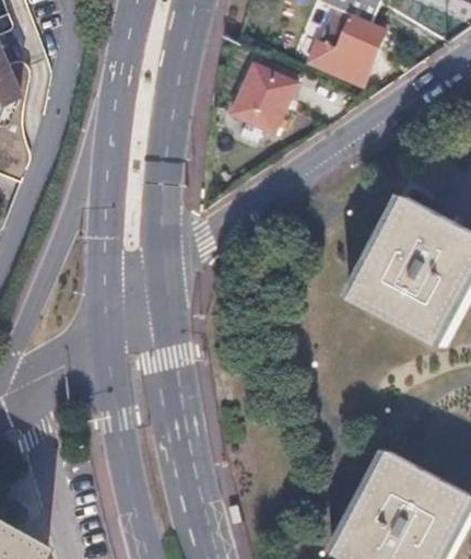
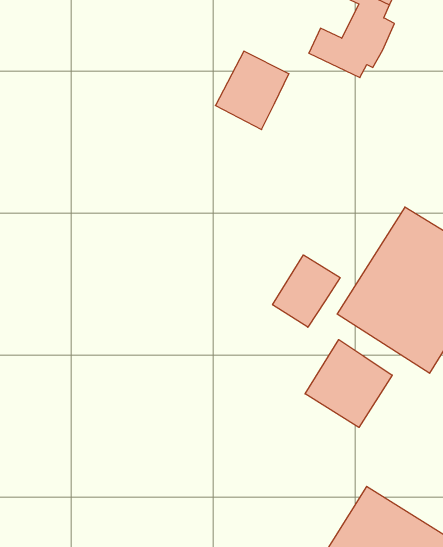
building: none -> [273,255,340,327]
building: none -> [305,340,392,427]

